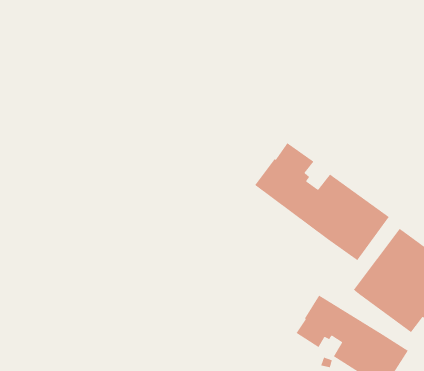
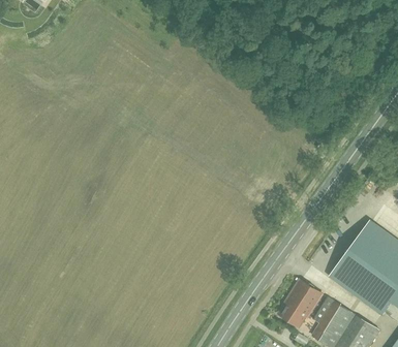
building: [254,142,390,261] -> none

